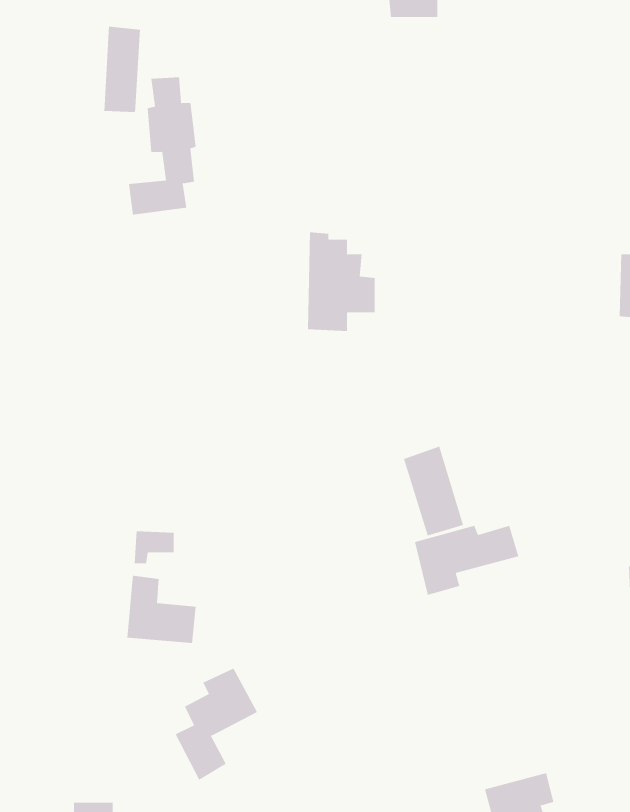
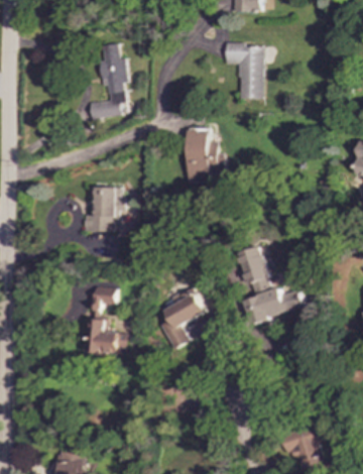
building: [104,26,140,113] -> none
building: none -> [223,41,260,98]
building: none -> [83,187,124,231]
building: [175,668,258,780] -> [158,287,204,349]

